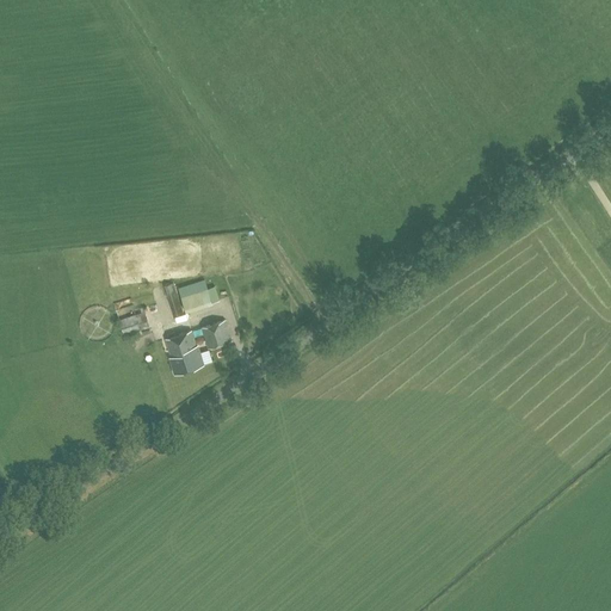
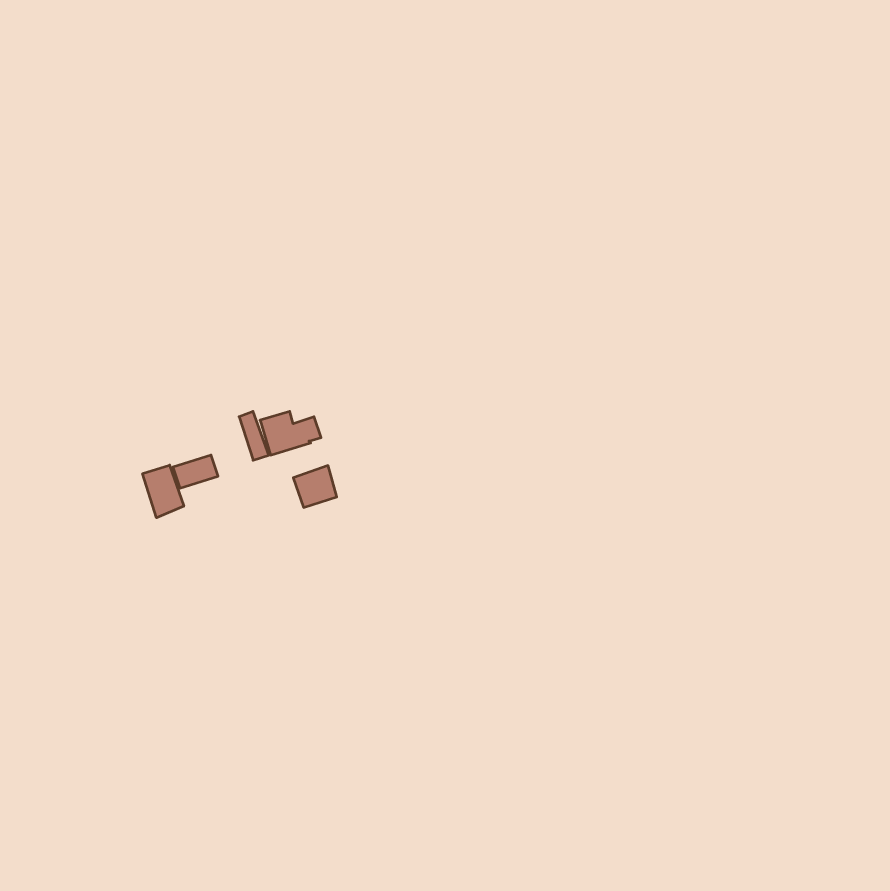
building: none -> [143,465,184,518]
building: [165,331,203,374] -> none

